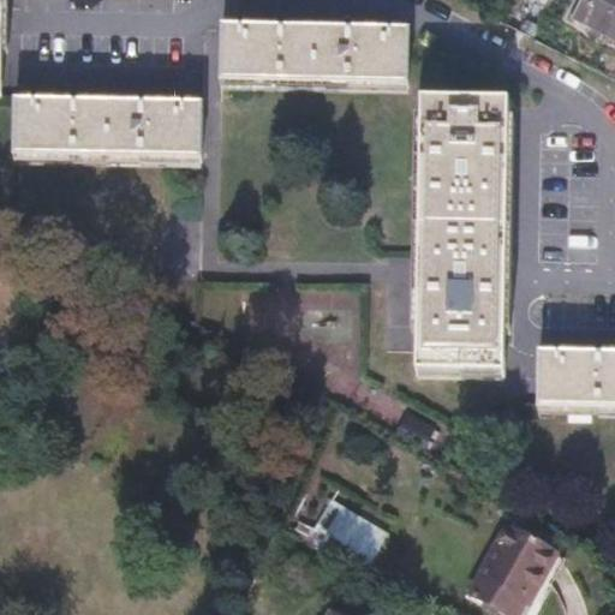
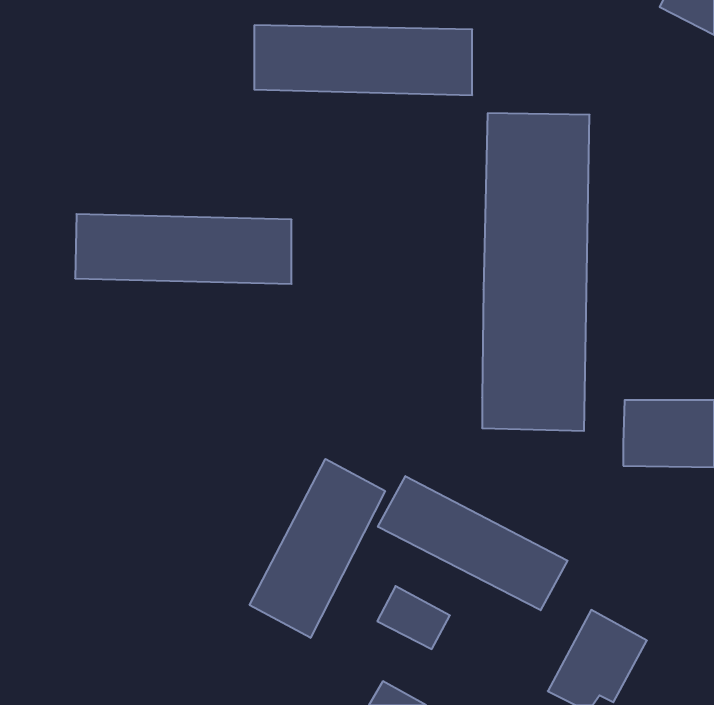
building: [13,96,199,156] -> [75,214,292,284]
building: none -> [250,459,385,638]
building: none -> [378,476,568,610]

